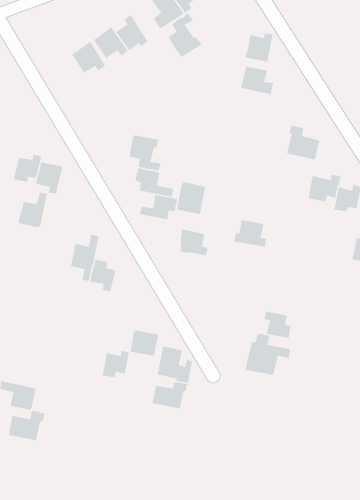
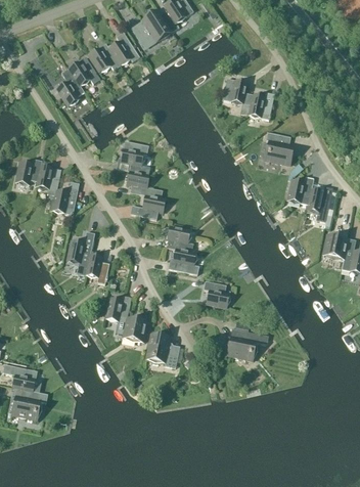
building: [168,12,202,58] -> none
building: [244,32,273,62] -> [248,92,274,120]
building: none -> [56,69,84,106]
building: [176,181,206,215] -> none
building: [17,192,48,228] -> [51,182,79,215]
building: [233,219,267,247] -> [168,249,198,274]
building: [263,311,292,339] -> [204,281,229,307]
building: [102,350,130,378] -> [105,296,131,321]
building: [152,381,188,409] -> none

